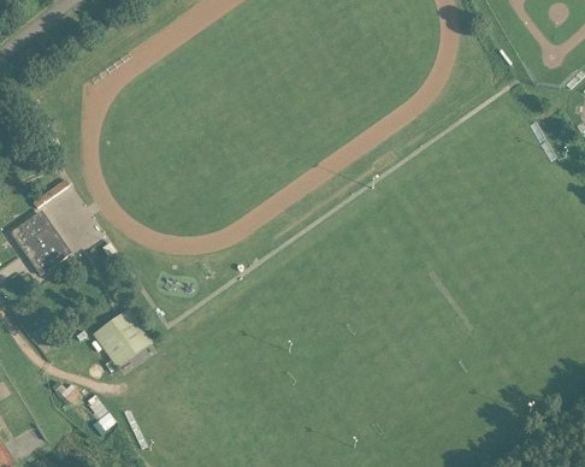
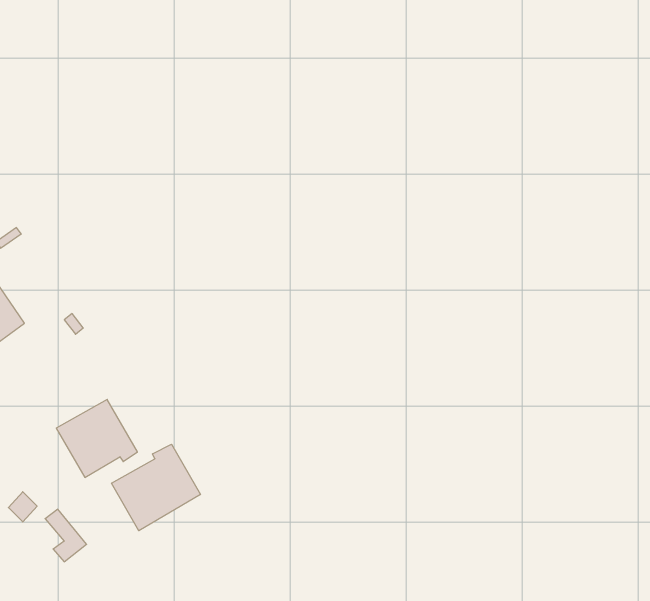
building: none -> [112,444,200,531]

